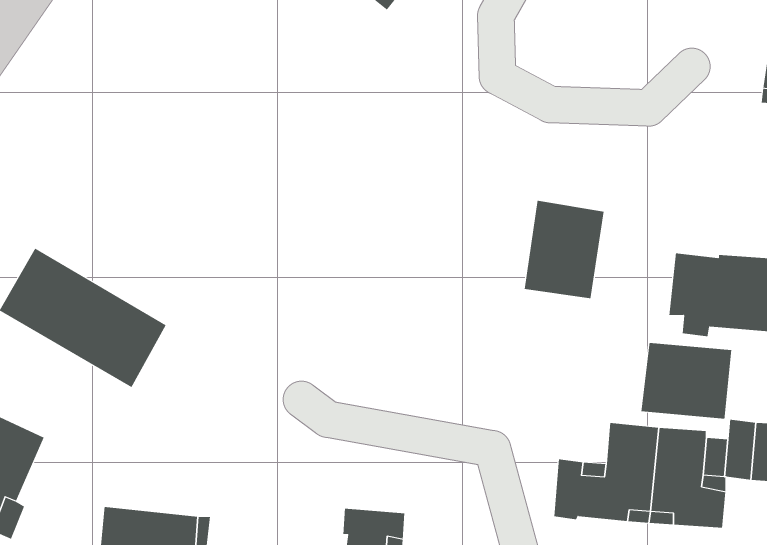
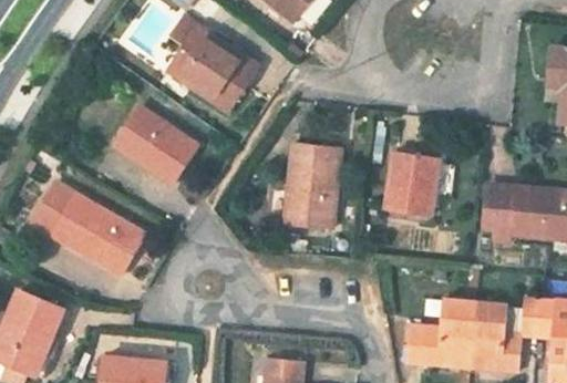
building: none -> [166,25,257,110]
building: none -> [112,105,196,184]
building: none -> [282,142,340,228]
building: [641,342,732,420] -> none

